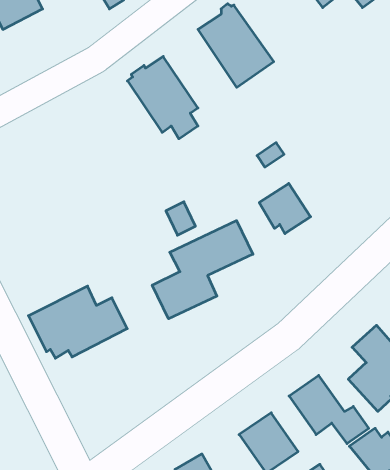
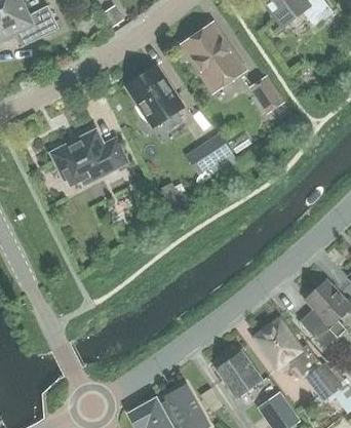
building: none -> [248,74,284,112]
building: [259,183,311,234] -> [195,131,236,171]
building: [152,221,253,319] -> none
building: [28,286,127,358] -> [49,127,128,185]

